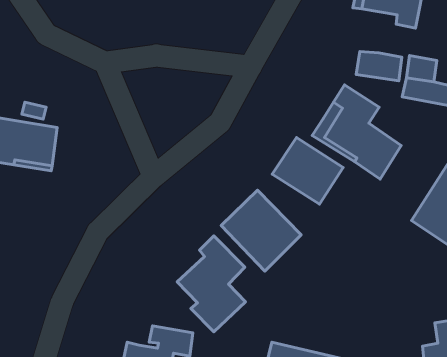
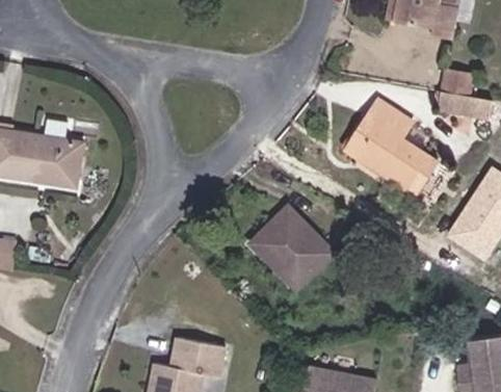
building: [356,51,402,81] -> none
building: [272,137,343,204] -> none
building: [177,236,245,332] -> none

